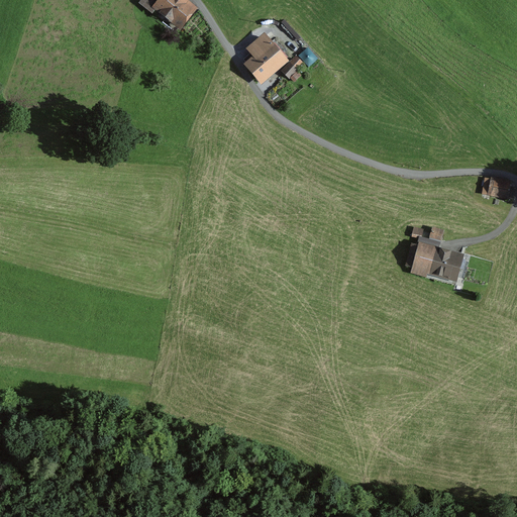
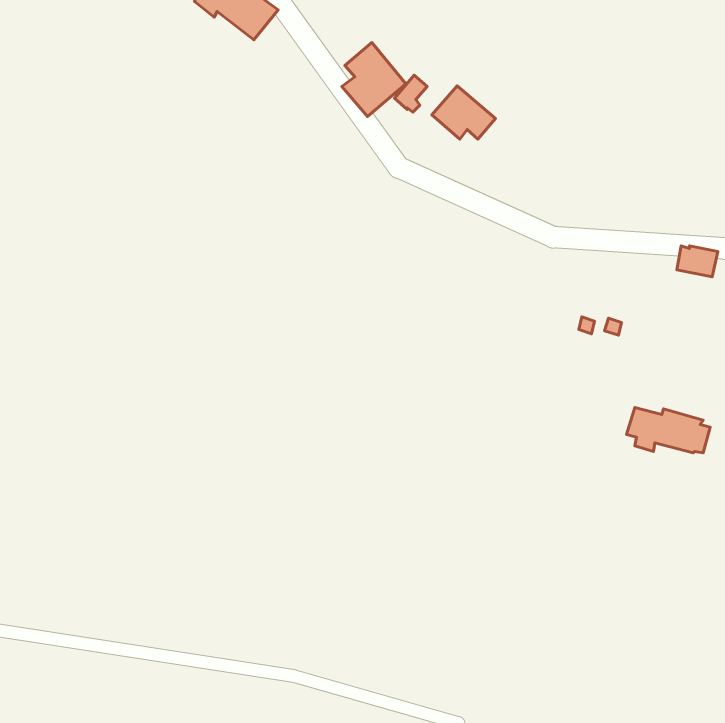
building: none -> [432,86,495,139]
building: [407,243,467,276] -> [626,407,710,453]

